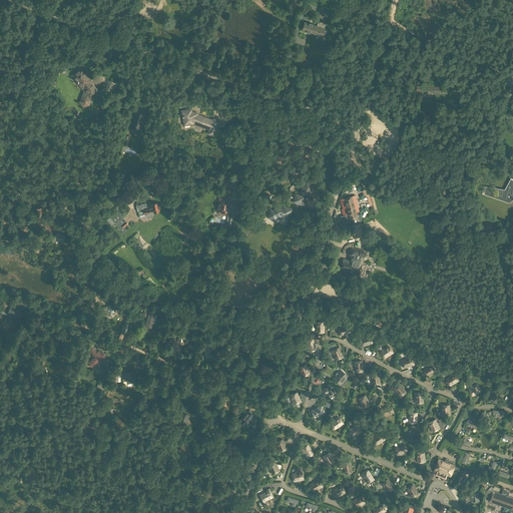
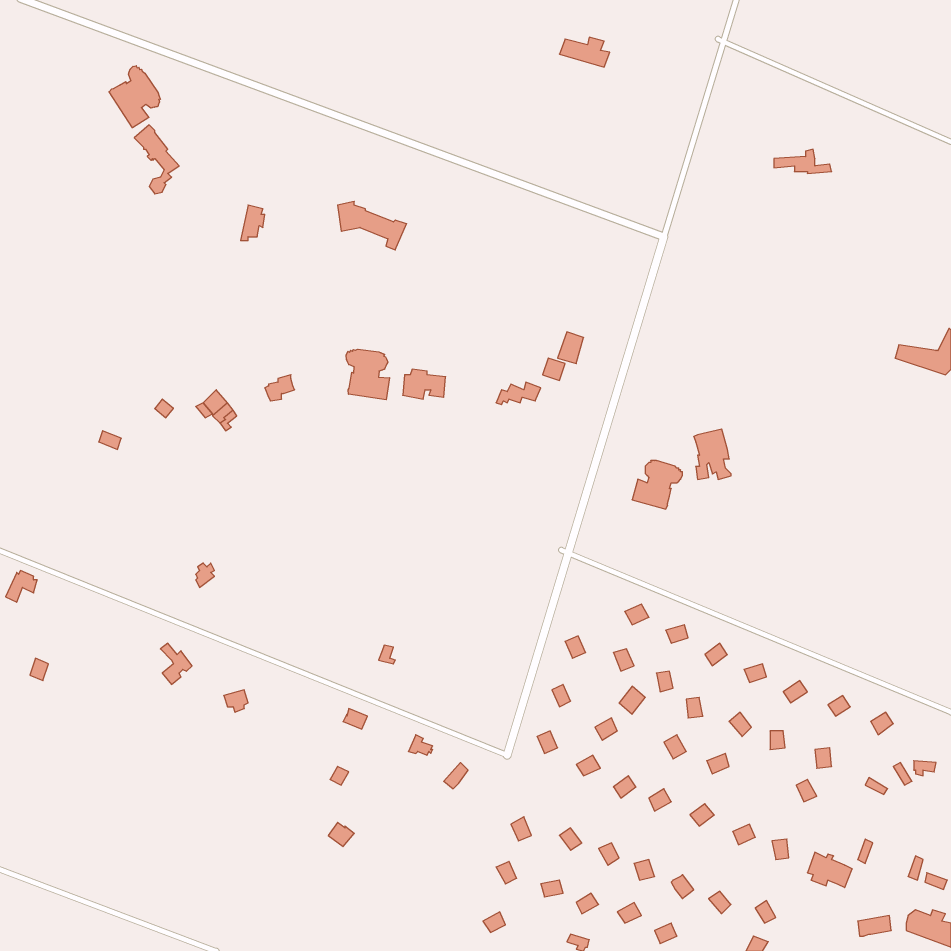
building: none -> [109,66,160,128]
building: none -> [346,349,390,400]
building: [339,194,359,221] -> [694,429,731,479]

